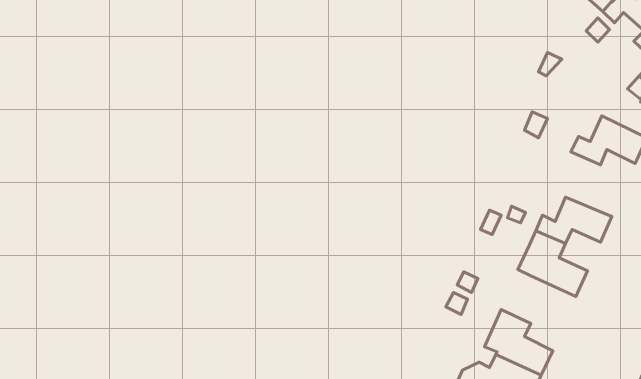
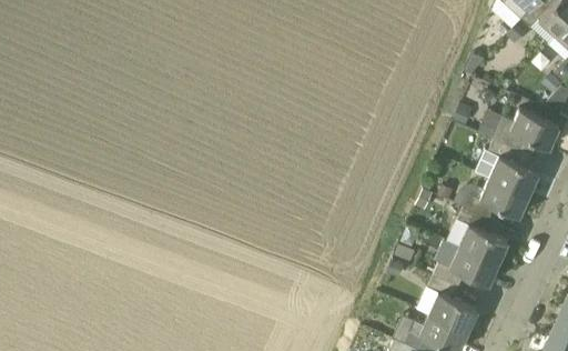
building: none -> [488,140,539,195]
building: none -> [434,247,498,288]

